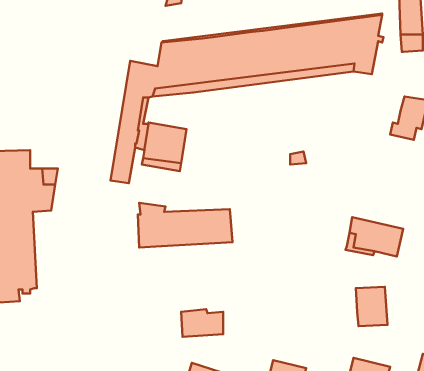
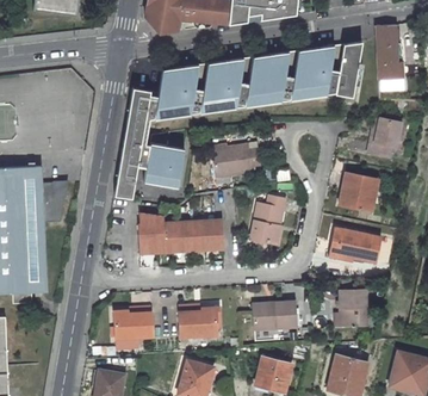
building: none -> [213,143,263,175]
building: none -> [340,173,379,210]
building: none -> [254,194,287,241]
building: none -> [253,301,297,329]
building: none -> [114,313,154,339]

